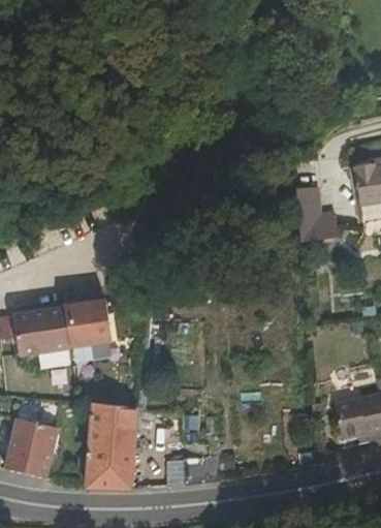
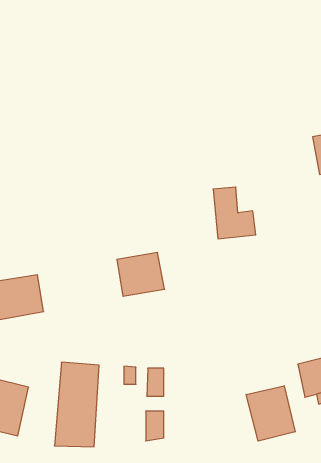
building: [295,187,340,241] -> [213,187,256,239]
building: [66,302,116,347] -> [117,253,165,296]
building: none -> [246,386,295,441]

